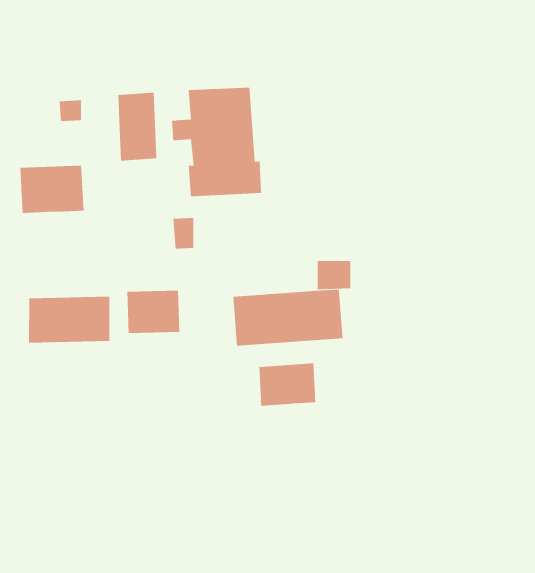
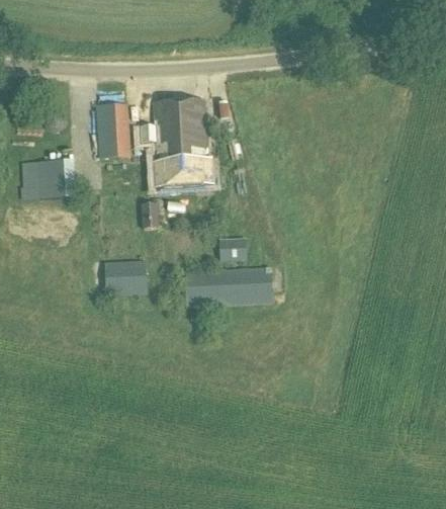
building: [317,260,351,290] -> [219,239,247,262]
building: [29,296,110,343] -> none
building: [259,363,316,407] -> none

